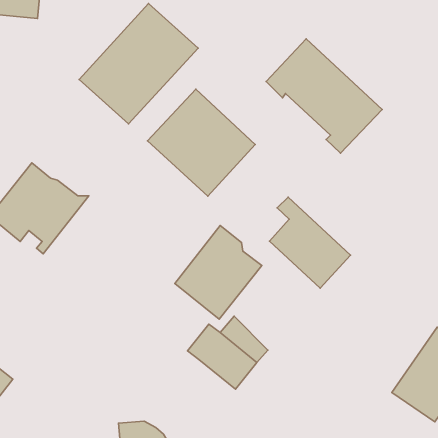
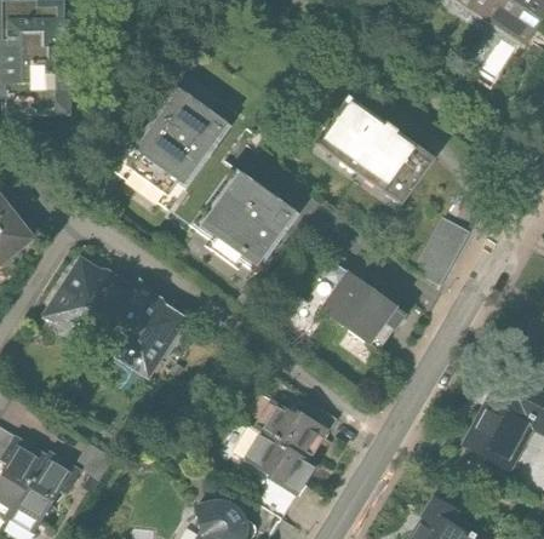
building: none -> [416,218,463,274]
building: [175,226,262,319] -> [102,282,187,375]
building: none -> [250,432,316,493]

